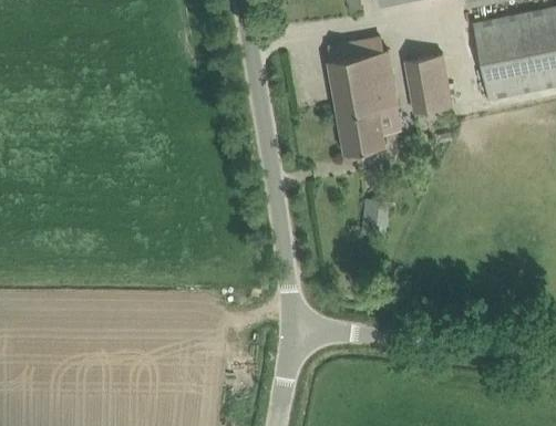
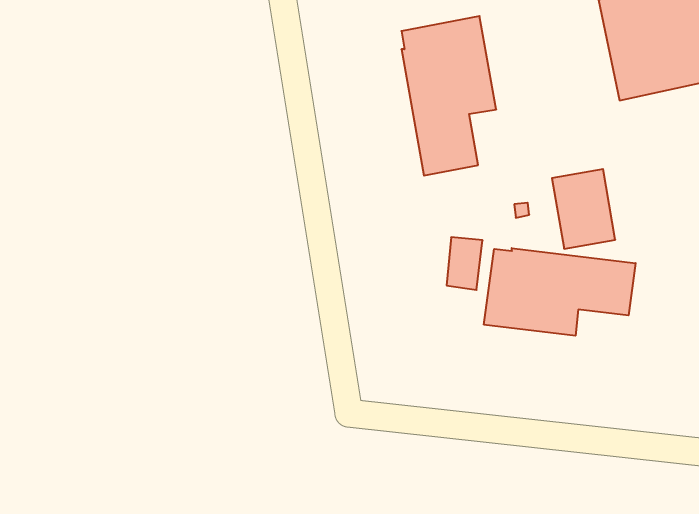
building: [404,54,451,113] -> [552,169,615,249]
building: none -> [484,248,636,336]

